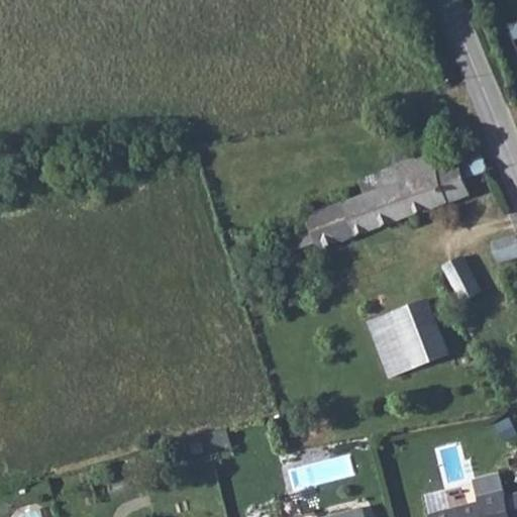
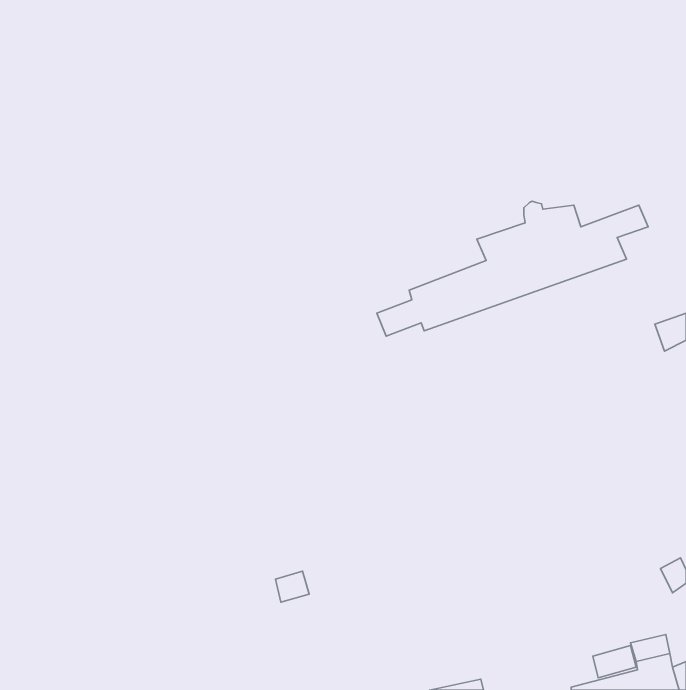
building: [440,257,478,301] -> none
building: [369,299,447,374] -> none

